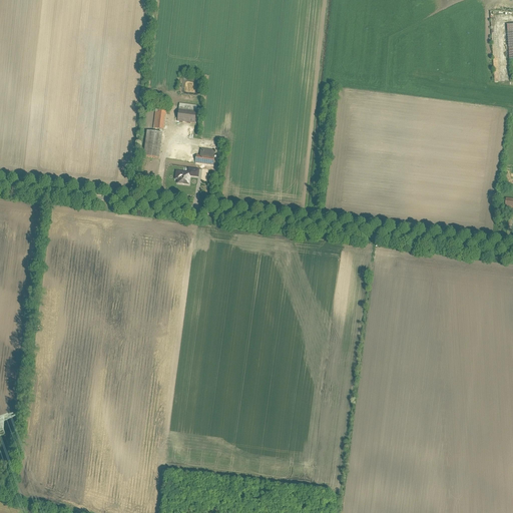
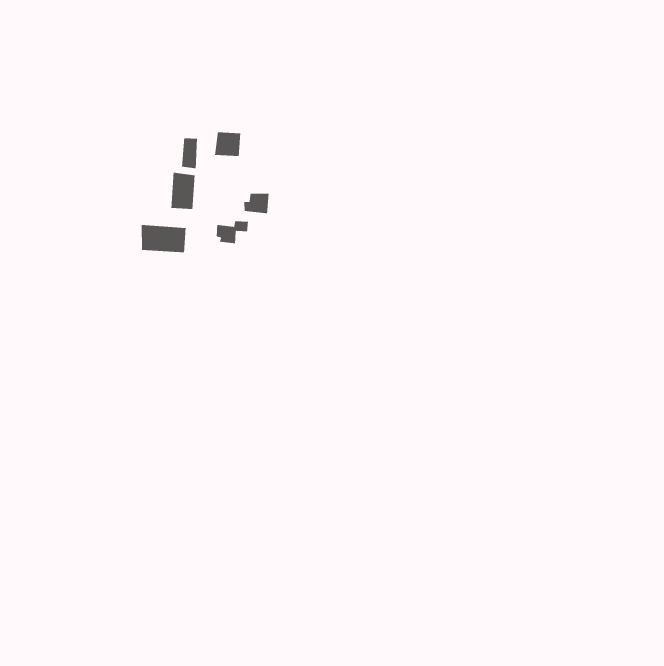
building: none -> [141,224,186,253]

